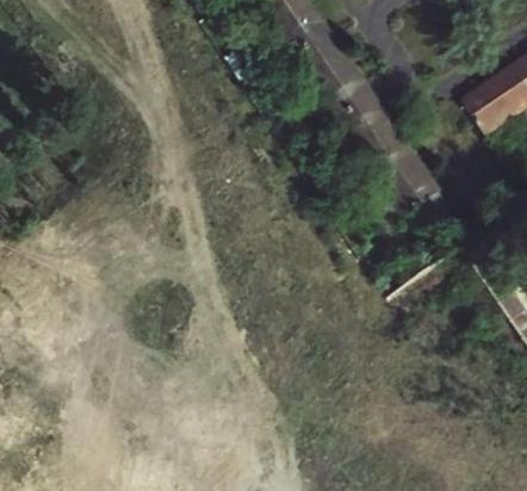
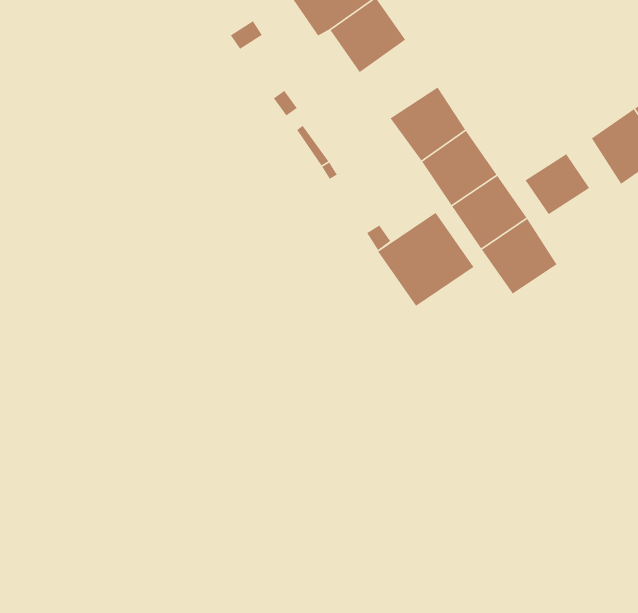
building: [298,30,354,86] -> none
building: none -> [525,153,590,215]
building: none -> [377,212,474,307]

